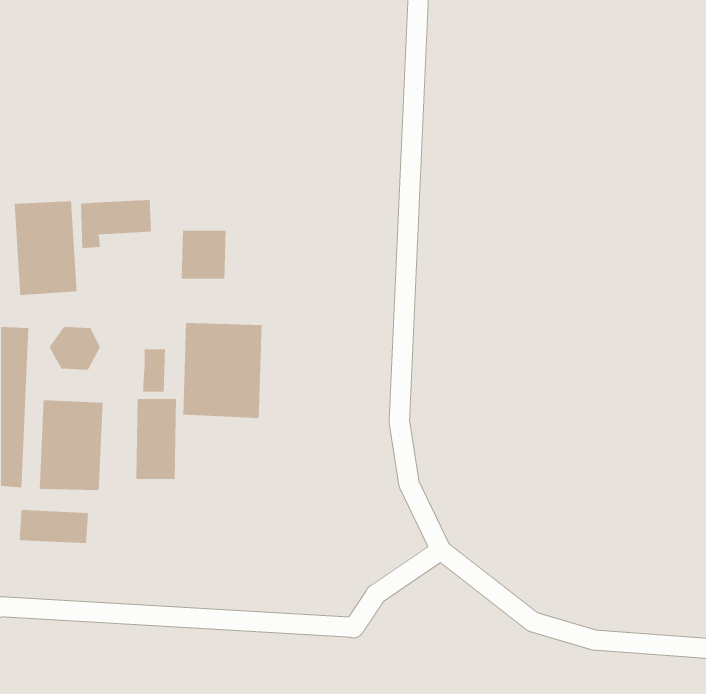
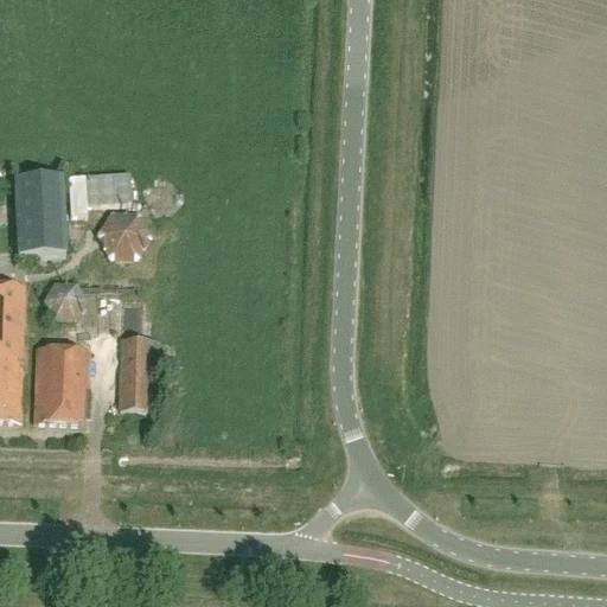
building: [181,230,226,280] -> [102,212,141,255]
building: [182,322,263,419] -> none
building: [19,509,89,544] -> none

